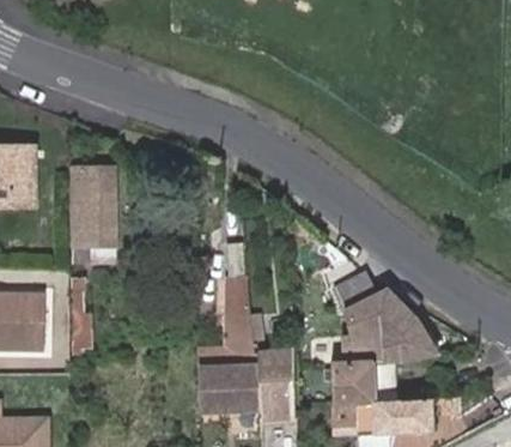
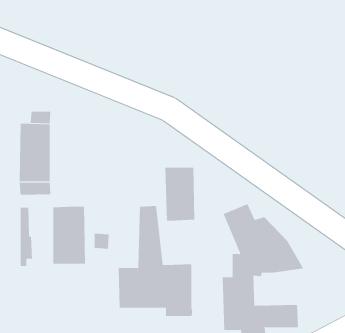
building: none -> [165,167,195,221]
building: none -> [53,206,86,265]

